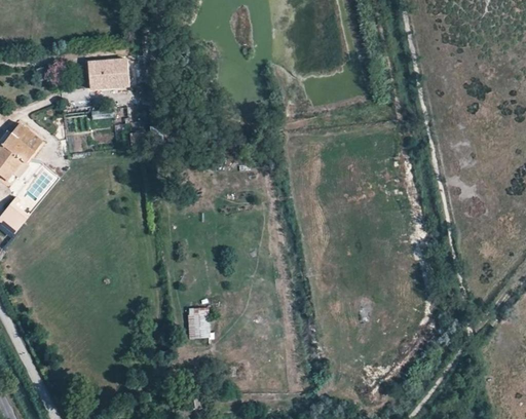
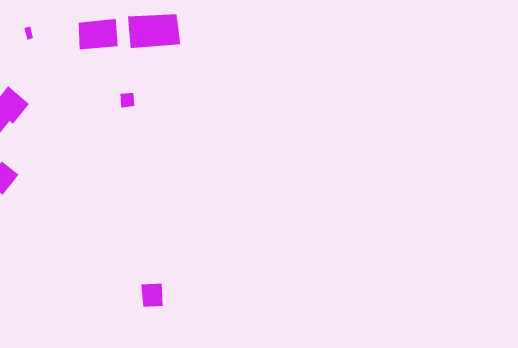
building: none -> [128,13,181,49]
building: [186,314,209,338] -> [141,283,163,307]

